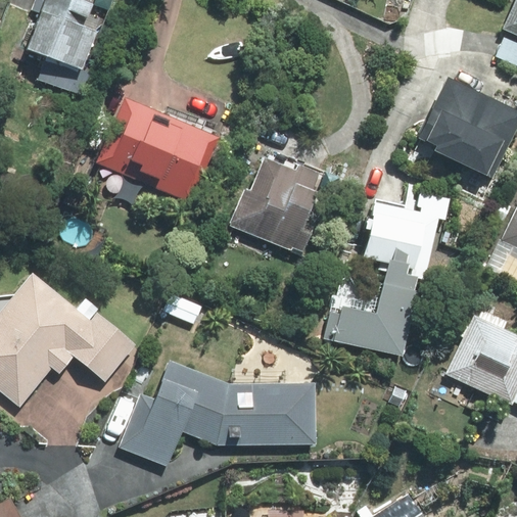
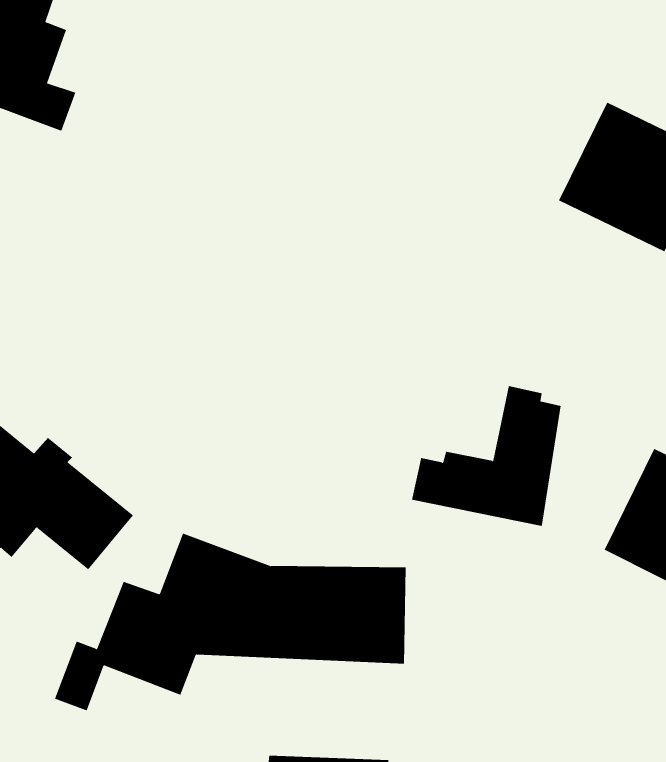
building: [98,95,216,200] -> none
building: [227,159,323,254] -> none
building: [360,192,449,273] -> none

